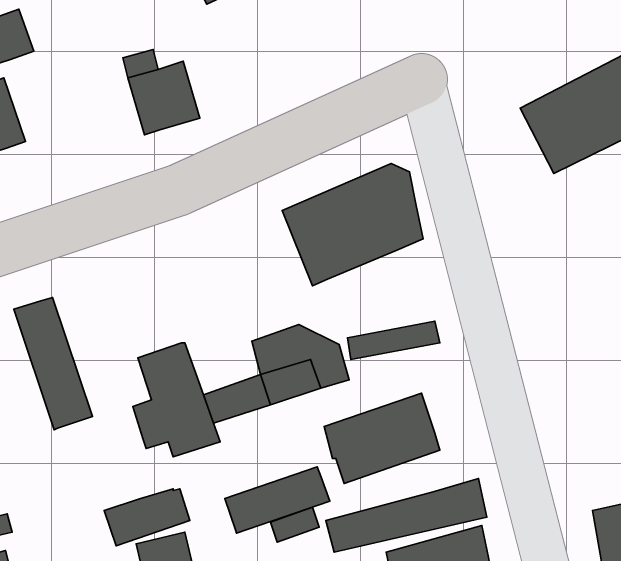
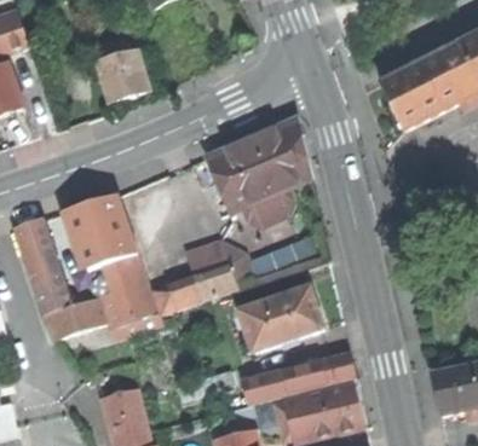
building: none -> [241,185,295,226]
building: none -> [63,195,136,268]
building: [225,467,330,533] -> none
building: [104,489,190,546] -> [46,297,108,338]

